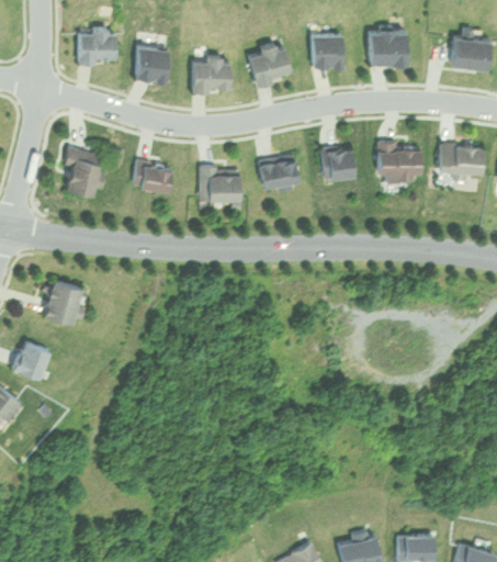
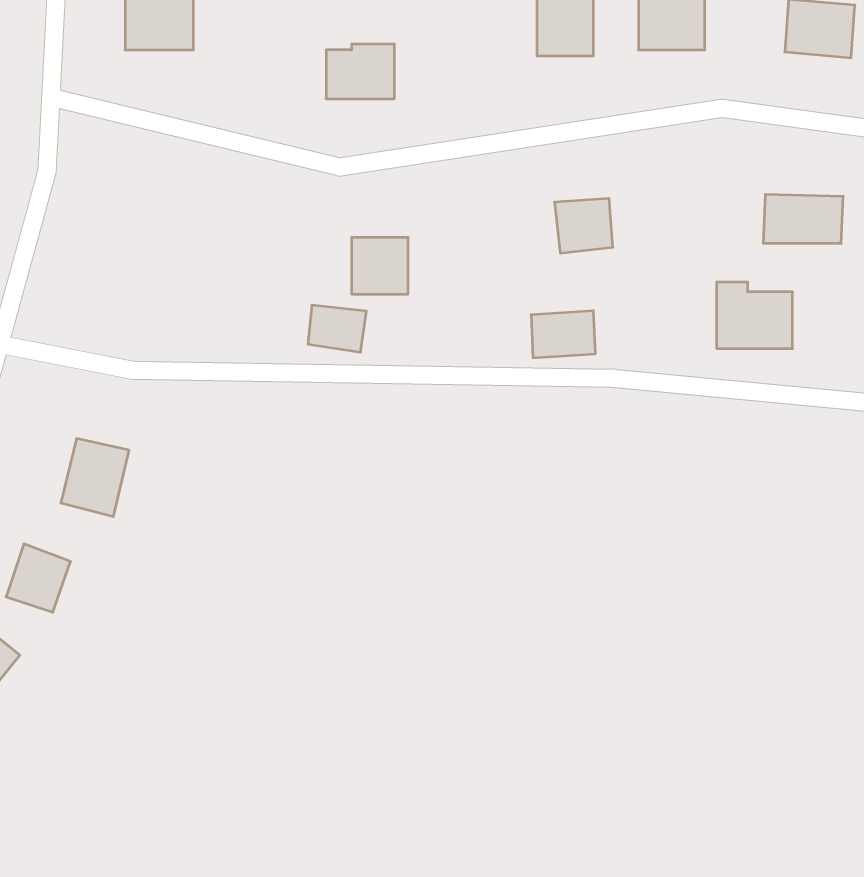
building: [249,44,292,82] -> none
building: [138,50,169,85] -> none
building: [377,142,420,179] -> [717,282,793,349]
building: [67,153,103,194] -> none
building: [260,159,296,186] -> [531,311,595,358]
building: [139,166,172,192] -> [308,305,366,352]

